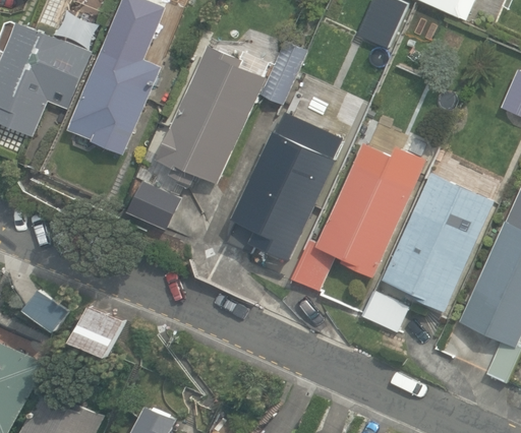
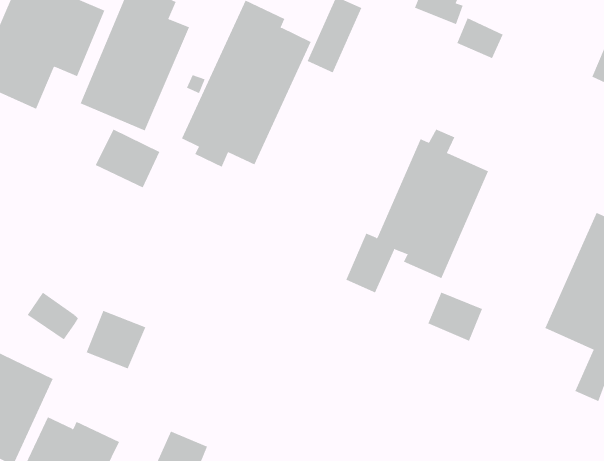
building: [226,112,337,259] -> none
building: [381,168,495,311] -> none
building: [125,179,180,229] -> [95,129,160,188]

